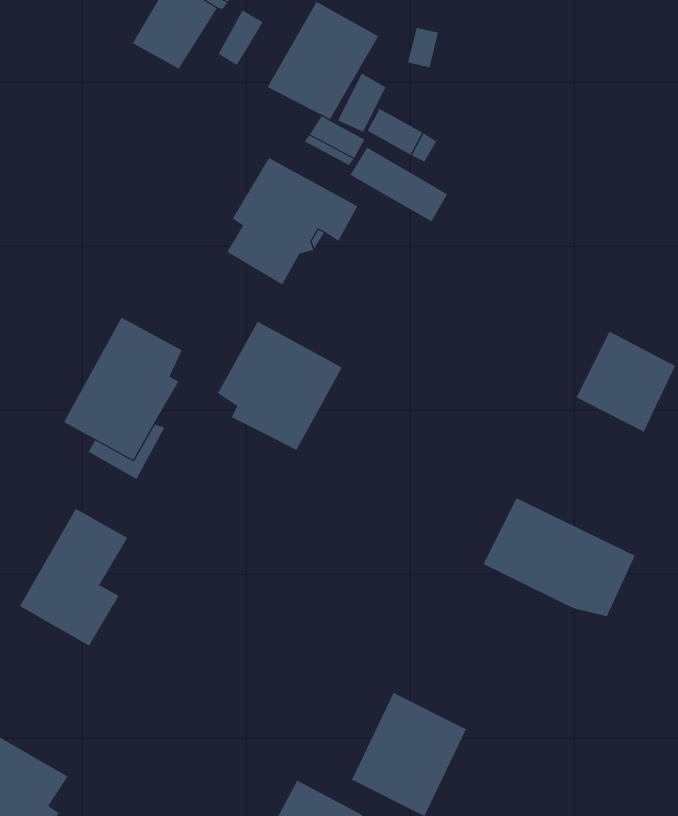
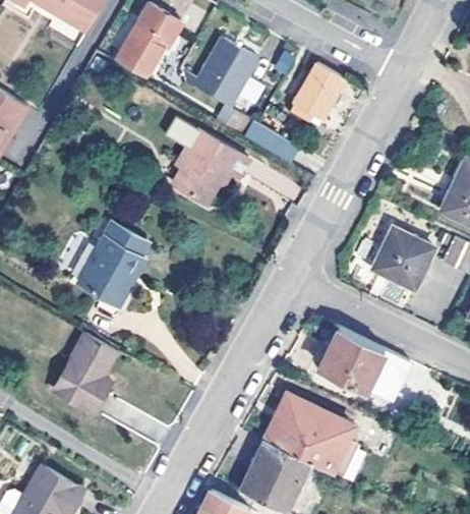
building: none -> [292,64,343,122]
building: [217,321,342,451] -> none
building: none -> [268,393,355,470]

